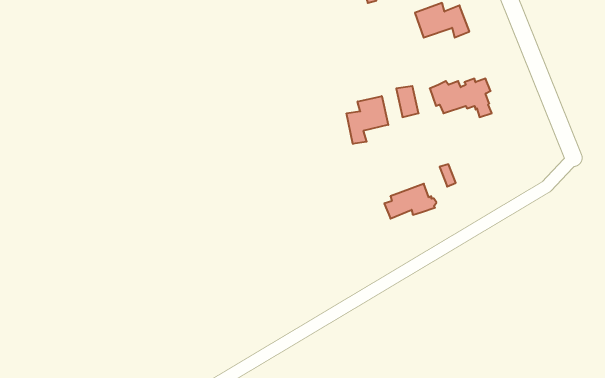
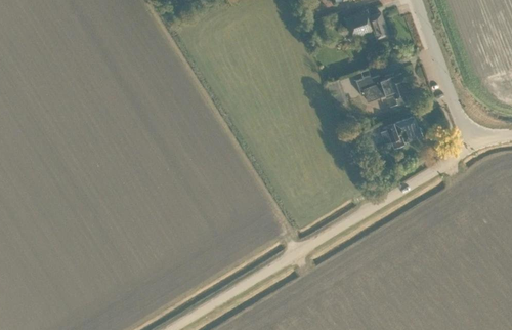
building: [347,96,388,144] -> none
building: [384,184,436,219] -> [382,117,425,146]

